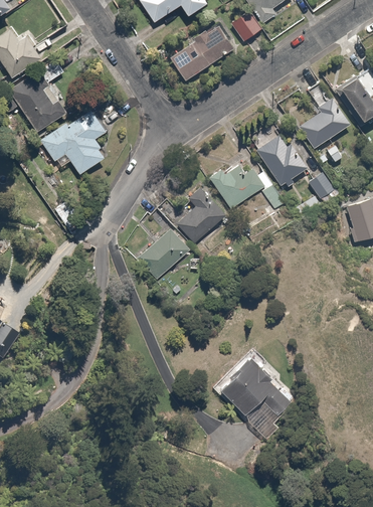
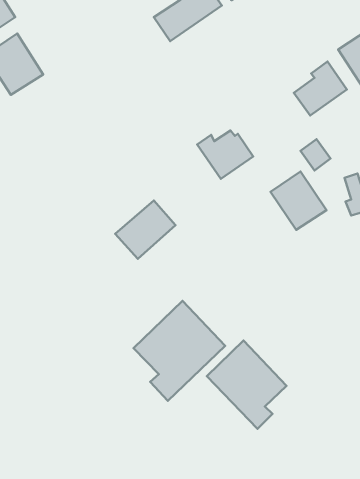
building: [40,111,108,177] -> none
building: [256,132,309,186] -> [270,172,326,230]
building: [177,185,228,243] -> none
building: none -> [134,301,225,401]

